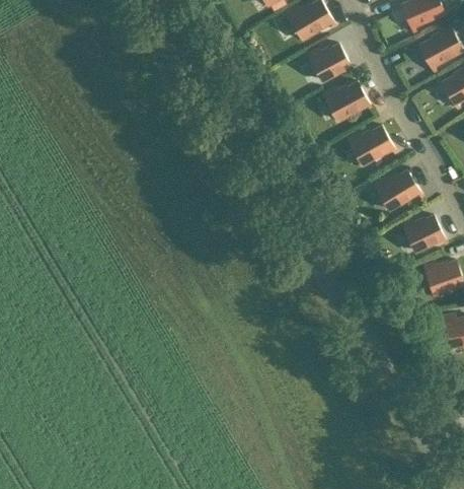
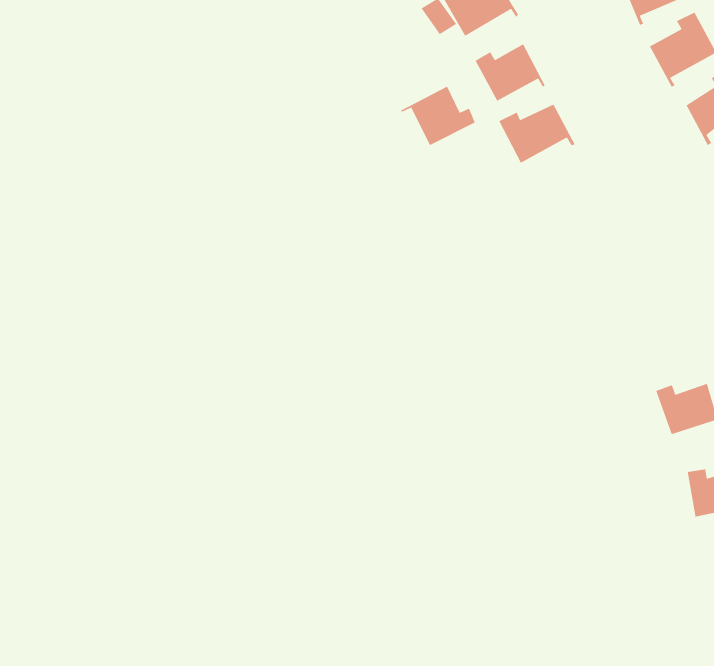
building: none -> [400,85,476,146]
building: [347,127,397,166] -> none
building: [373,171,423,211] -> none
building: [402,216,447,253] -> none

